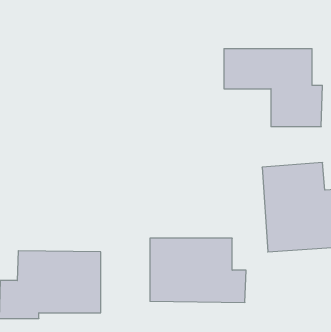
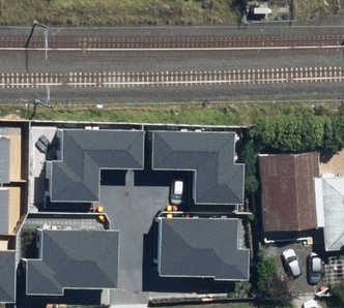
building: [224,49,322,127] -> [151,132,240,203]
building: none -> [50,131,140,201]

